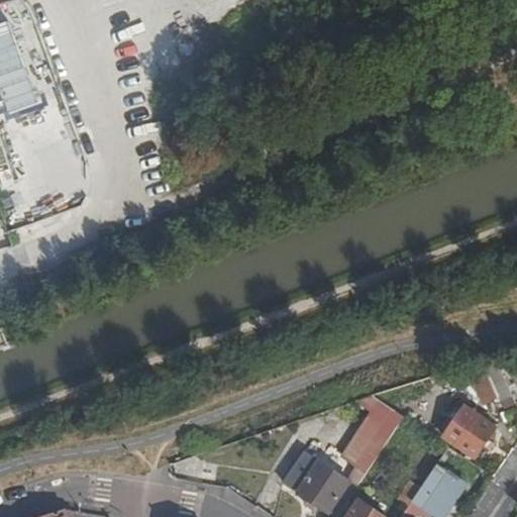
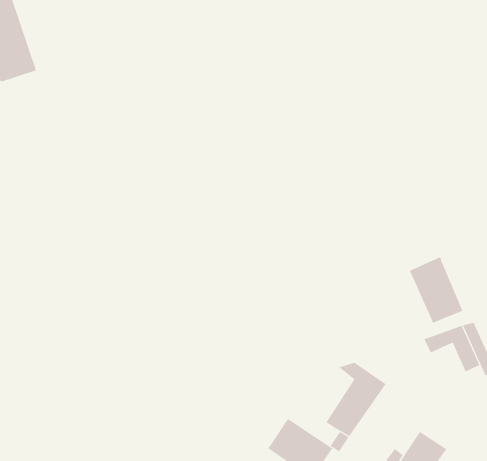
building: none -> [409,256,463,324]
building: [442,408,494,458] -> none

